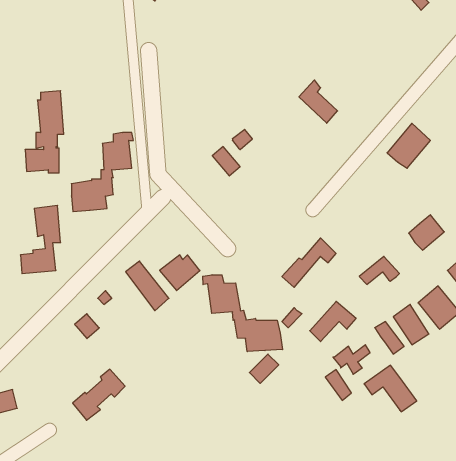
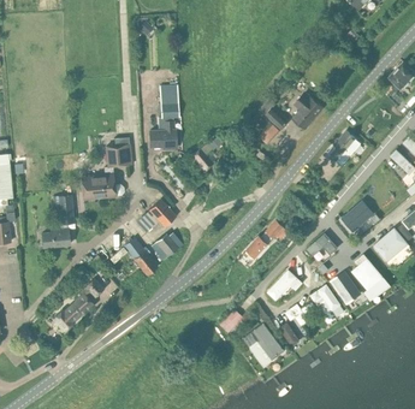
building: none -> [292,91,324,129]
building: [25,91,64,173] -> [149,84,179,148]
building: none -> [136,198,176,232]
building: [203,275,283,352] -> none
building: [364,365,417,412] -> [244,324,285,360]
building: [73,369,125,420] -> [53,291,94,331]

